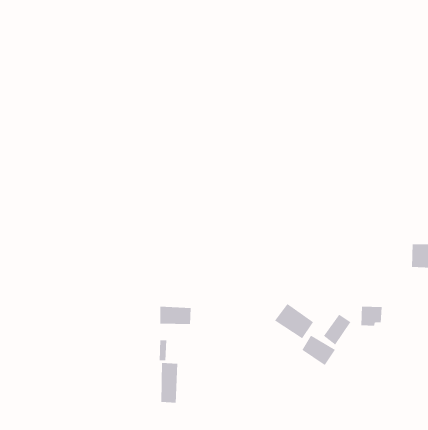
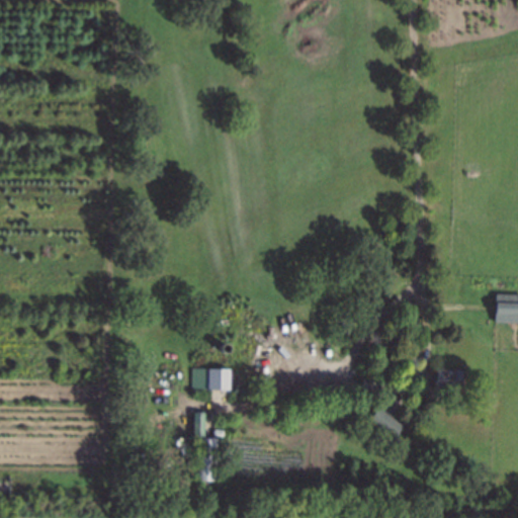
building: [274,303,314,339] -> none
building: [323,314,351,345] -> none

